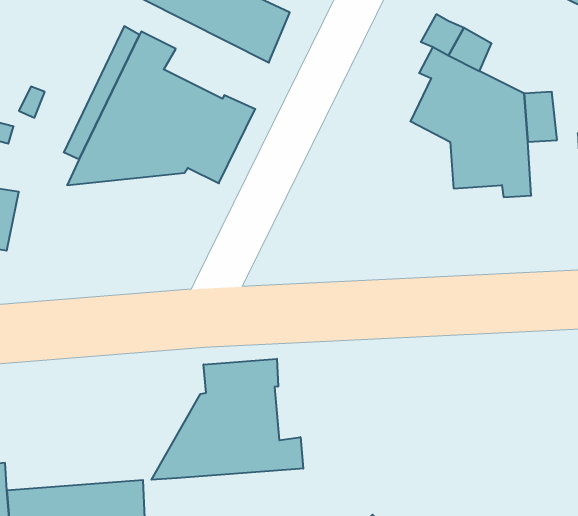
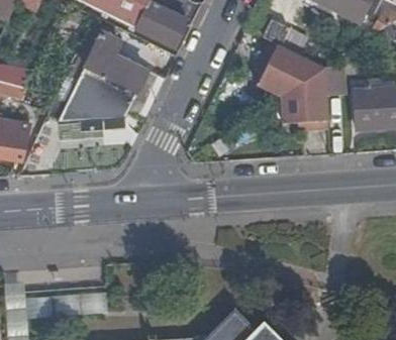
building: [151,359,303,480] -> none

